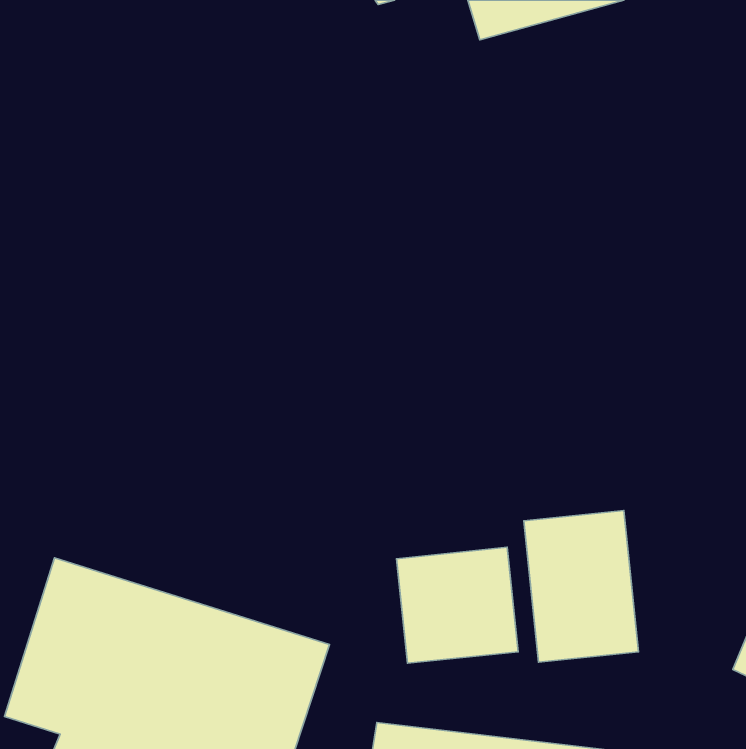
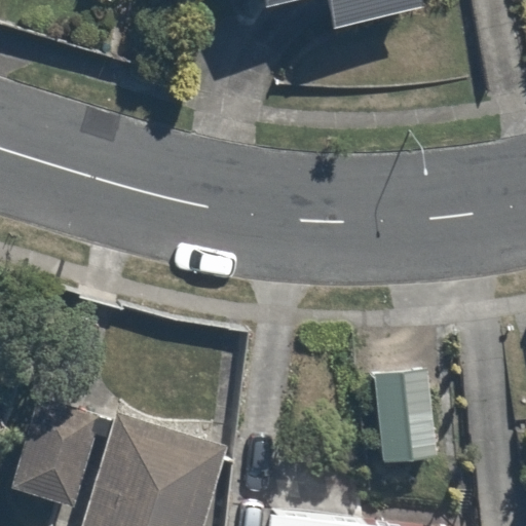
building: [396,547,518,663] -> none

